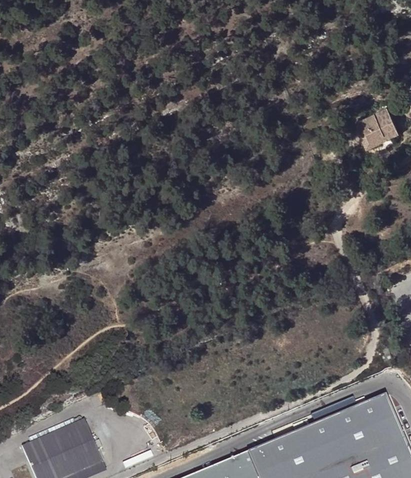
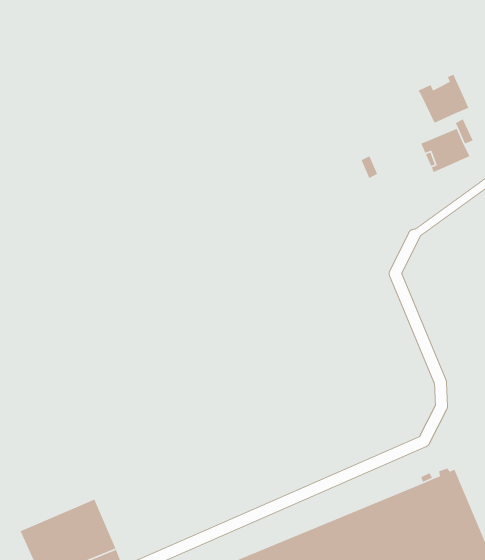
building: none -> [418,73,470,124]

